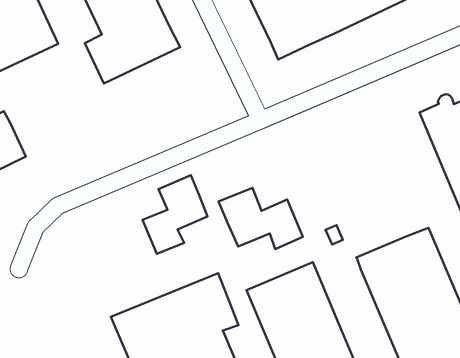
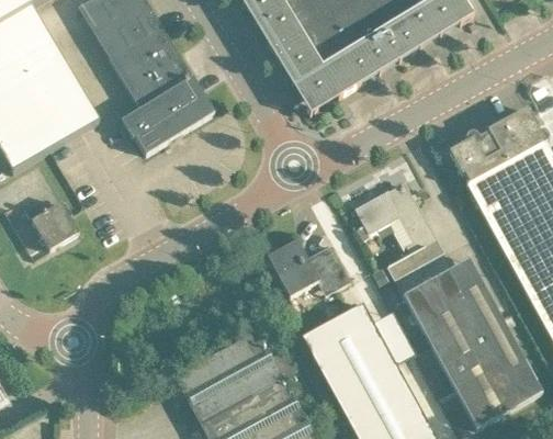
building: none -> [354,182,443,277]
building: [143,175,208,254] -> none

